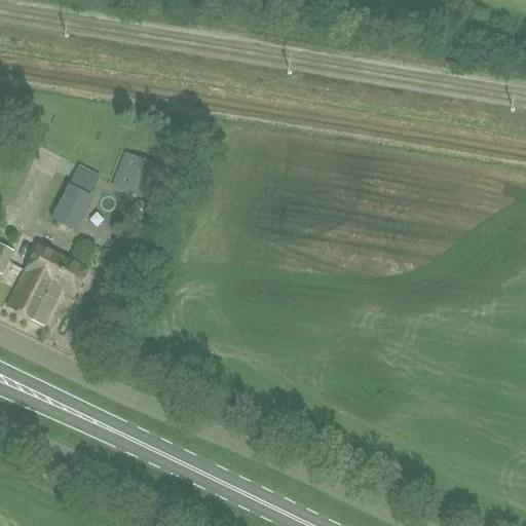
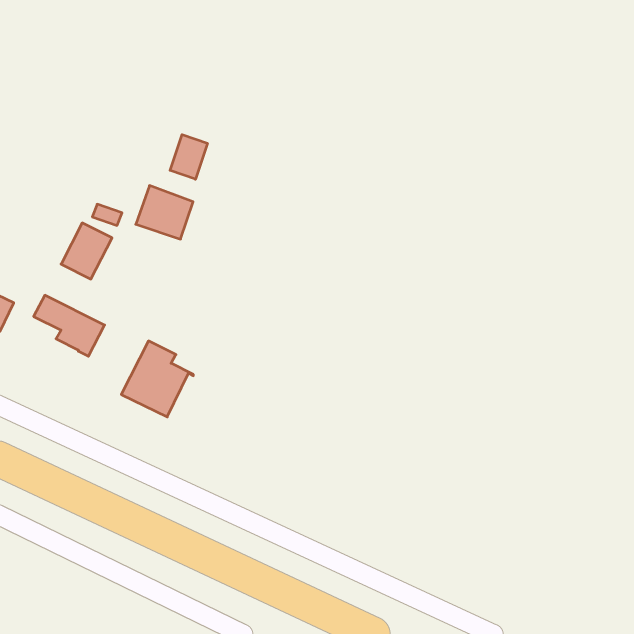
building: none -> [170,135,207,179]
building: [5,261,65,324] -> [121,341,193,417]

